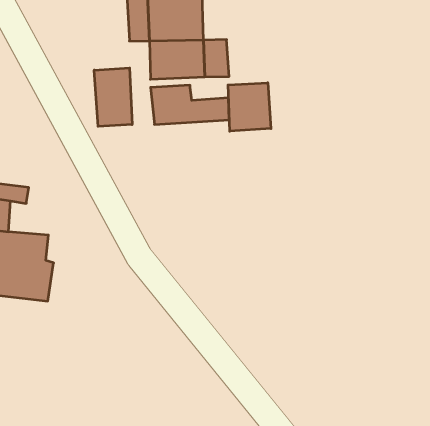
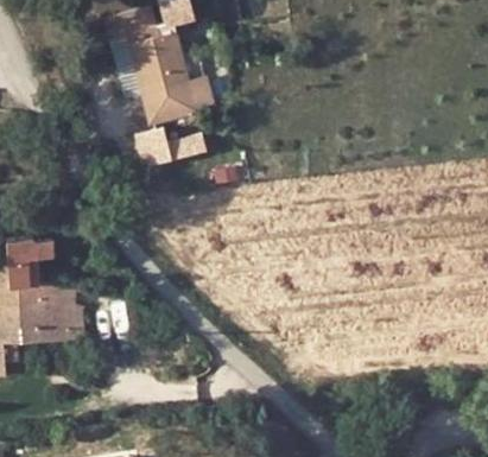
building: [94,68,132,126] -> none
building: [228,83,271,131] -> none

